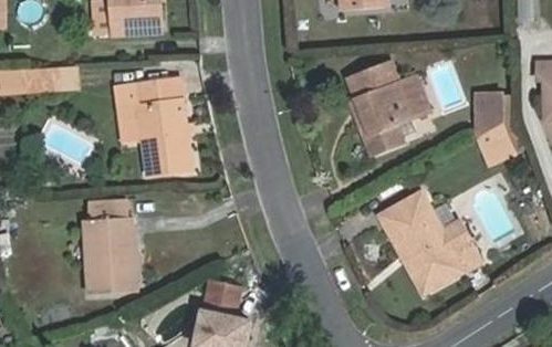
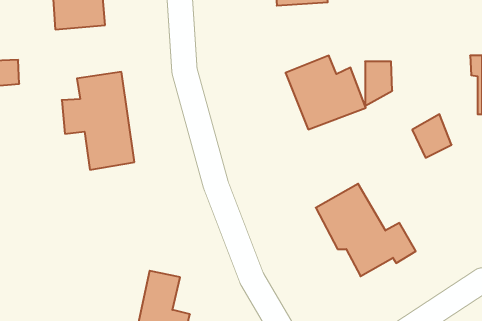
building: [477,91,504,136] -> [365,61,392,106]
building: [83,217,138,295] -> none

